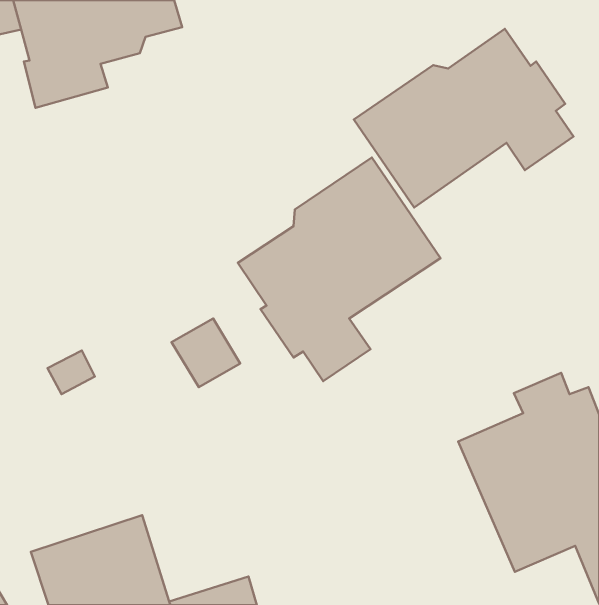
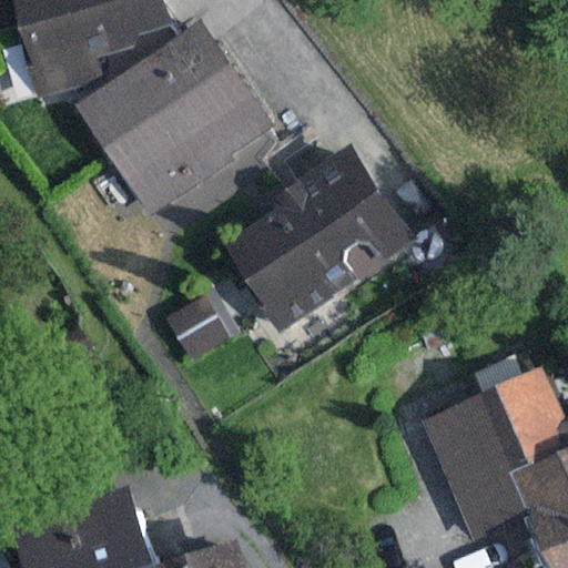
building: none -> [72,21,272,219]
building: [354,29,574,208] -> none

